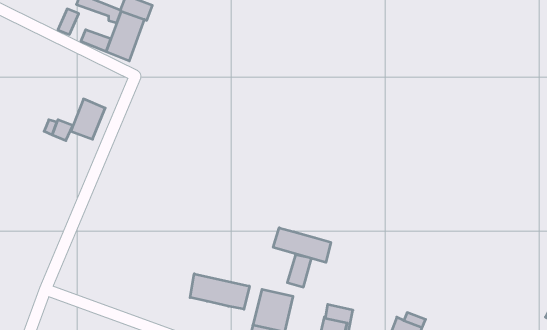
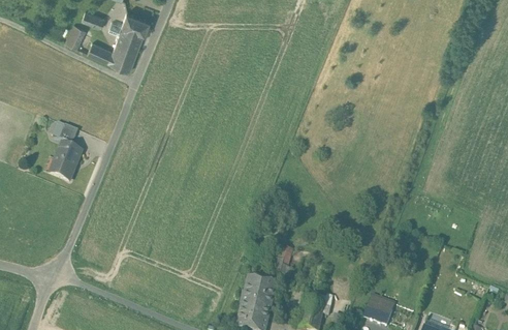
building: [71,99,105,139] -> [51,142,82,178]
building: [273,228,331,262] -> none
building: [190,274,249,309] -> none

